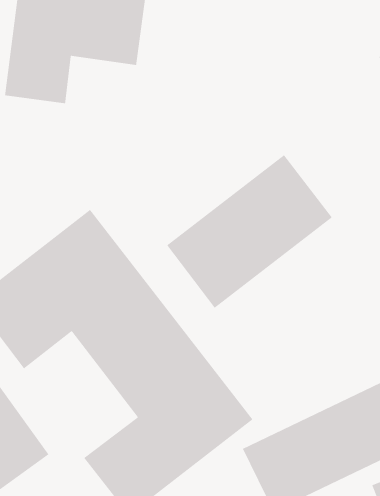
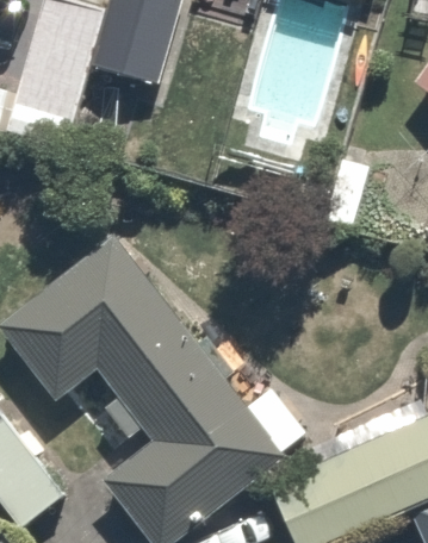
building: [166,154,333,309] -> none

